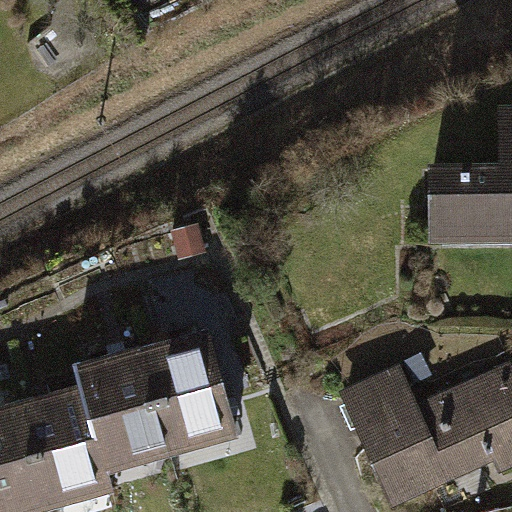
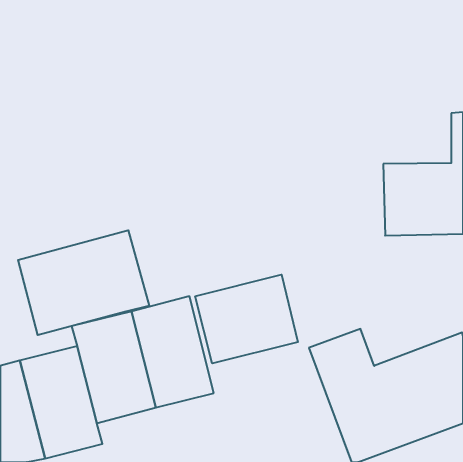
building: none -> [18,230,149,335]
building: none -> [195,275,298,363]

